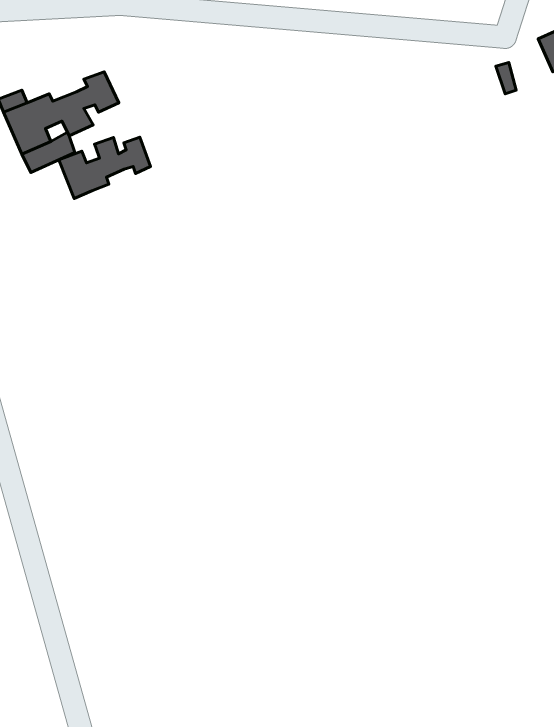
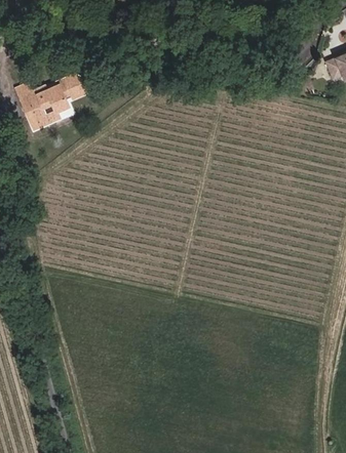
building: [59,137,150,199] -> none

